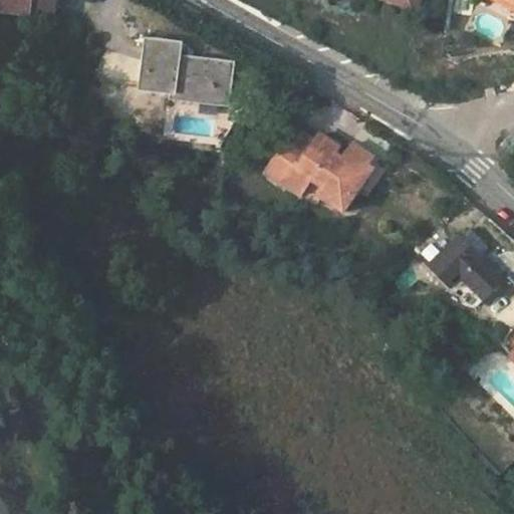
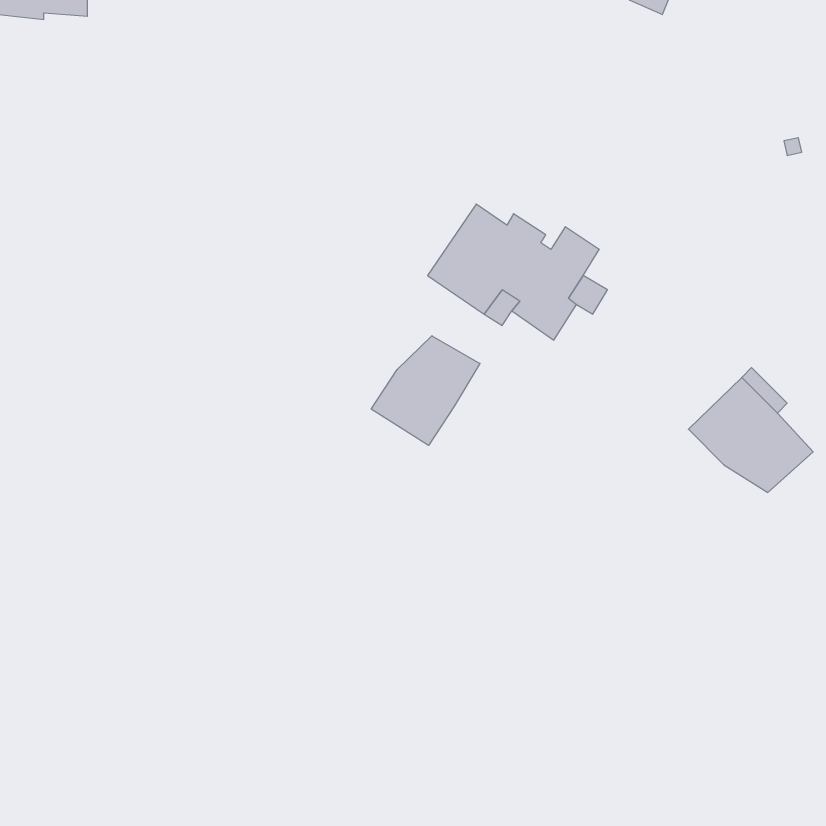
building: [141,38,231,103] -> none
building: none -> [371,336,480,445]

